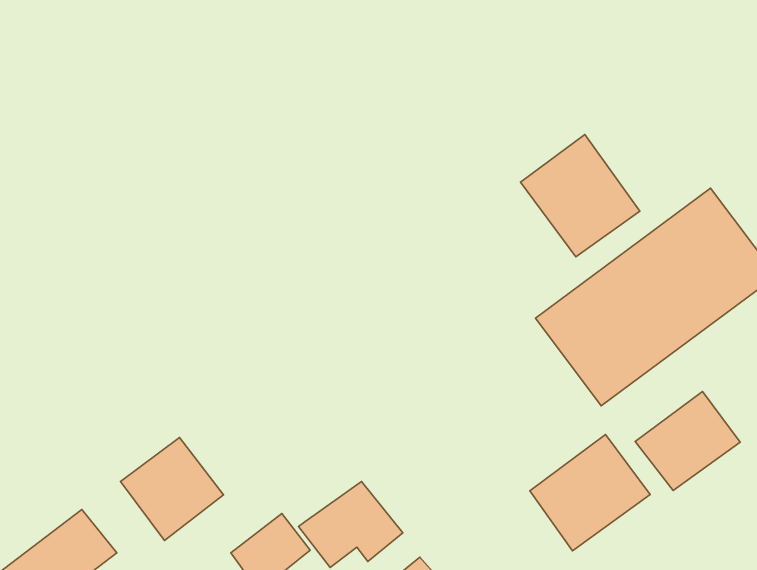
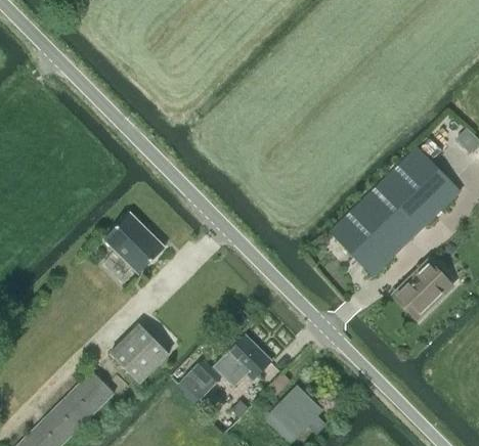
building: [521,135,640,257] -> none
building: none -> [103,213,165,274]
building: [530,435,650,551] -> none

